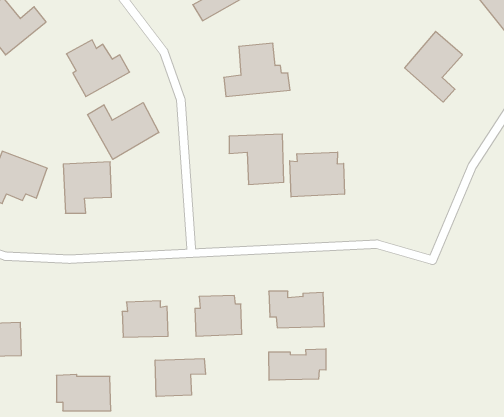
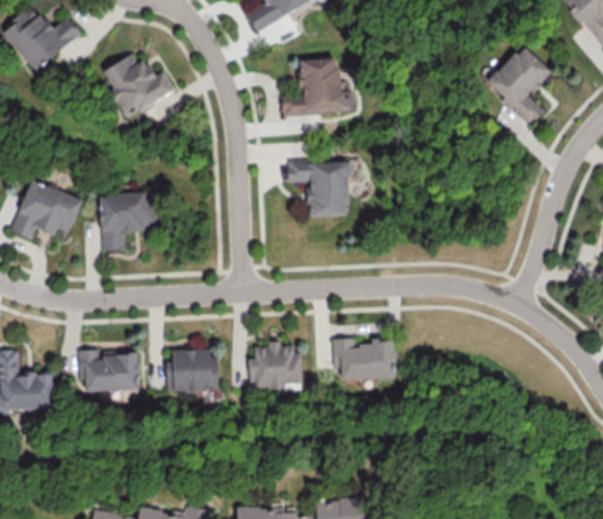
building: [88,103,159,159] -> none
building: [290,152,344,197] -> none
building: [269,349,326,380] -> none
building: [155,359,206,397] -> none
building: [56,374,111,411] -> [77,348,139,390]

